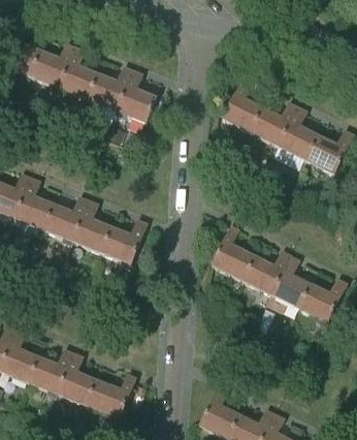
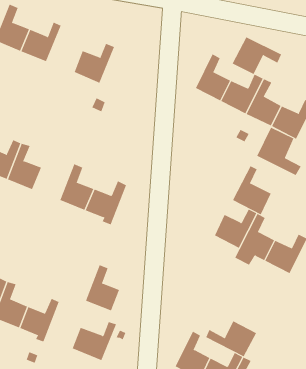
building: [59,46,98,98] -> none
building: none -> [232,36,282,75]
building: [115,70,157,122] -> none
building: none -> [256,127,302,176]
building: [43,195,89,245] -> none
building: [212,224,255,279] -> [232,166,272,215]
building: [58,352,96,404] -> [85,264,120,311]
building: none -> [205,321,257,357]

